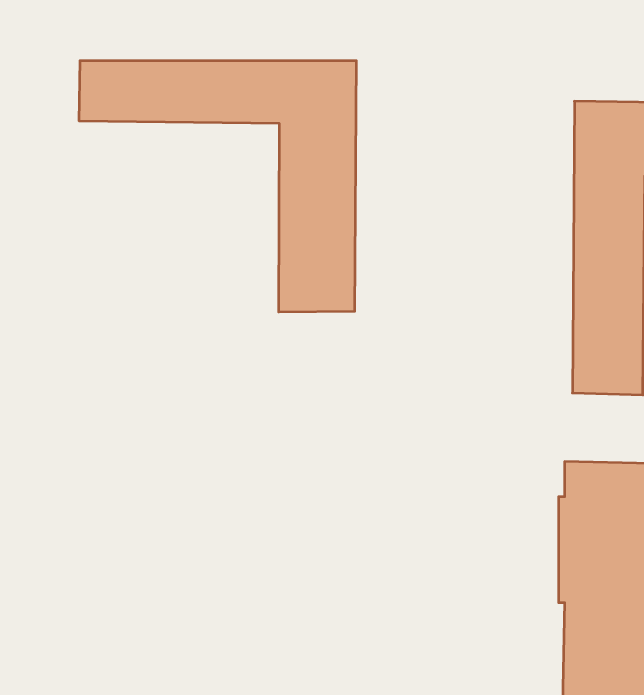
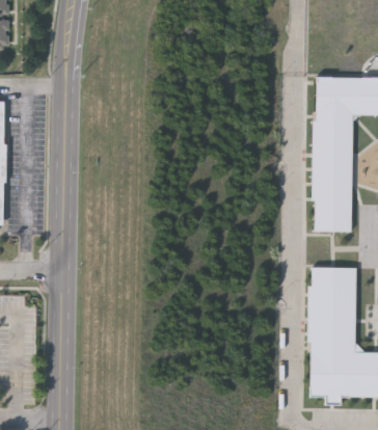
building: [79,61,356,312] -> none

